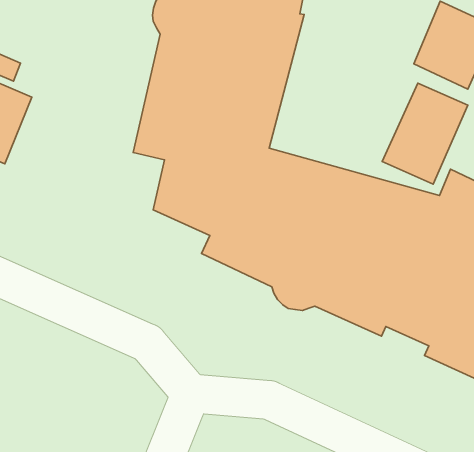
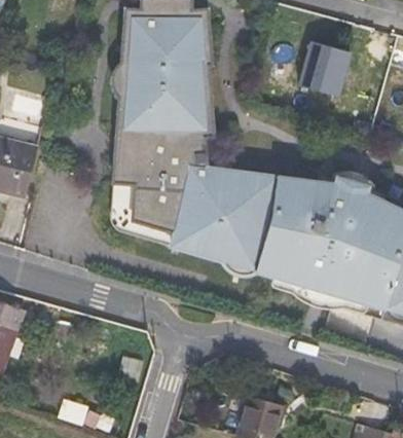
building: [382,83,468,184] -> none

